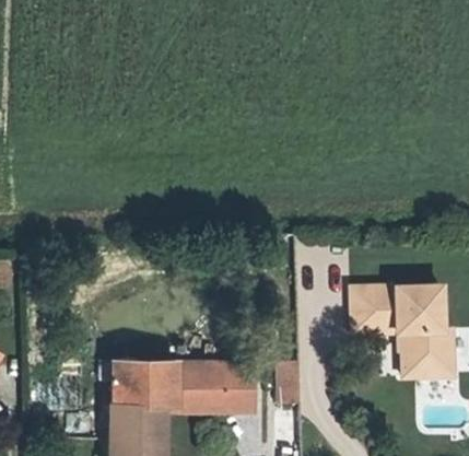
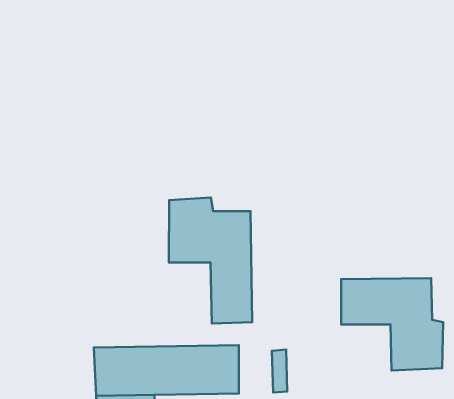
building: none -> [169,198,252,323]

